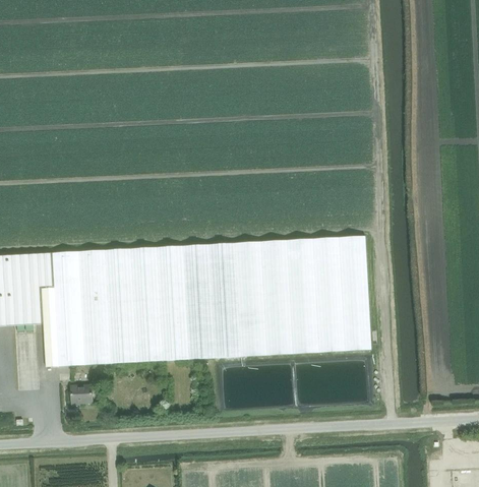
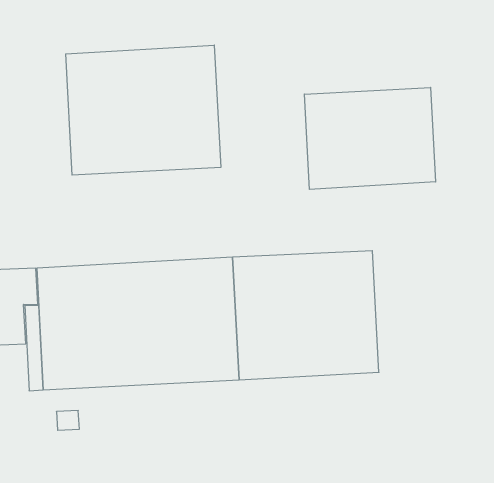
building: none -> [66,45,221,175]
building: none -> [304,87,436,189]

